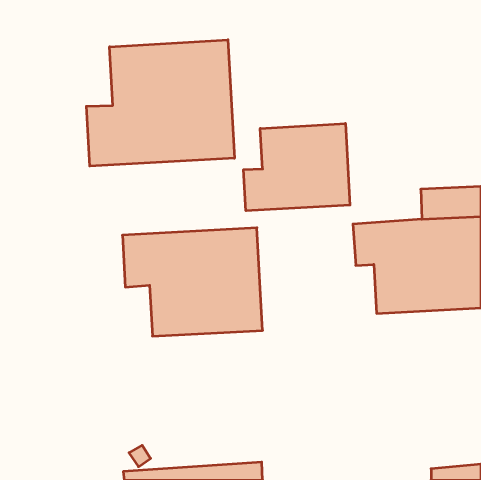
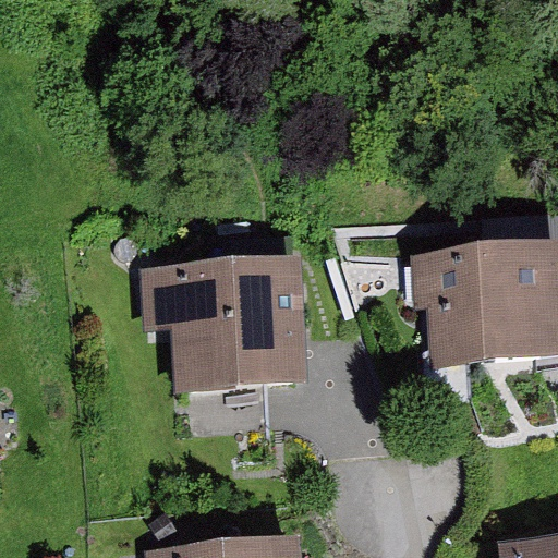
building: [86,40,234,166] -> none
building: [244,123,350,211] -> none

